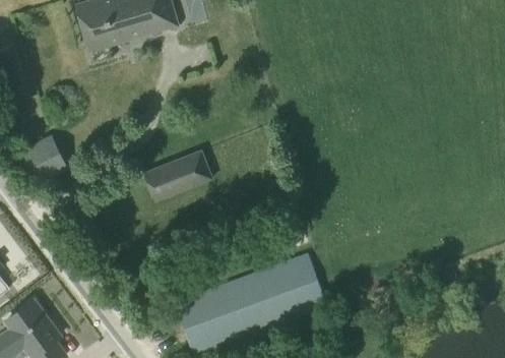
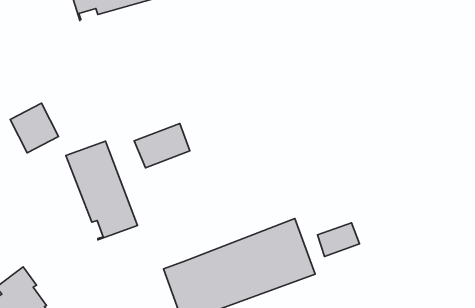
building: none -> [66,141,137,240]
building: none -> [317,223,359,256]

